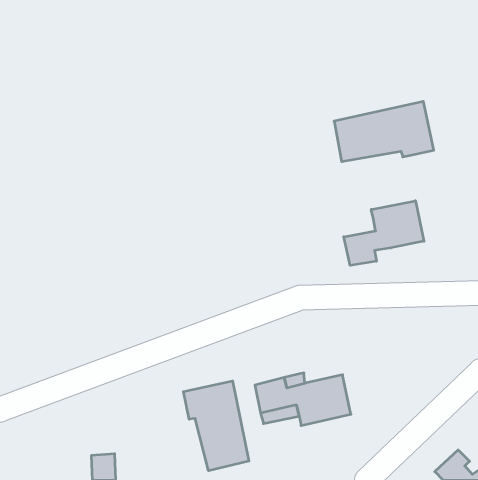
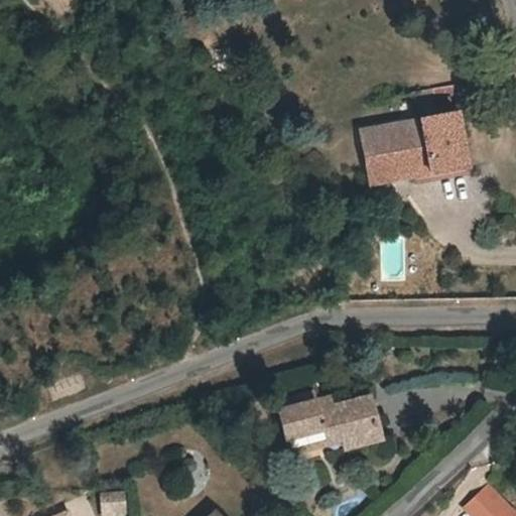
building: [344,201,424,265] -> none
building: [183,381,249,471] -> none

